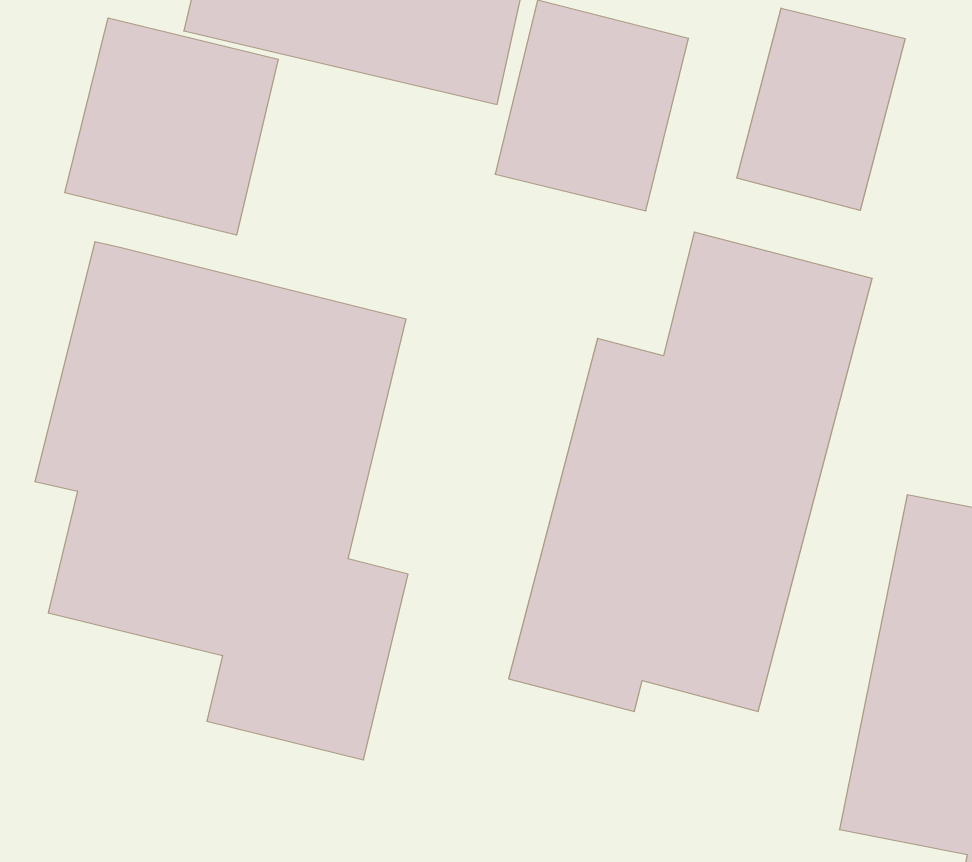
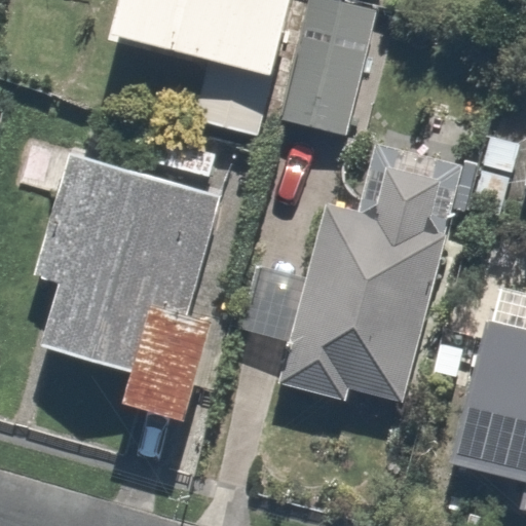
building: [737,8,905,210] -> none
building: [65,18,278,235] -> none

